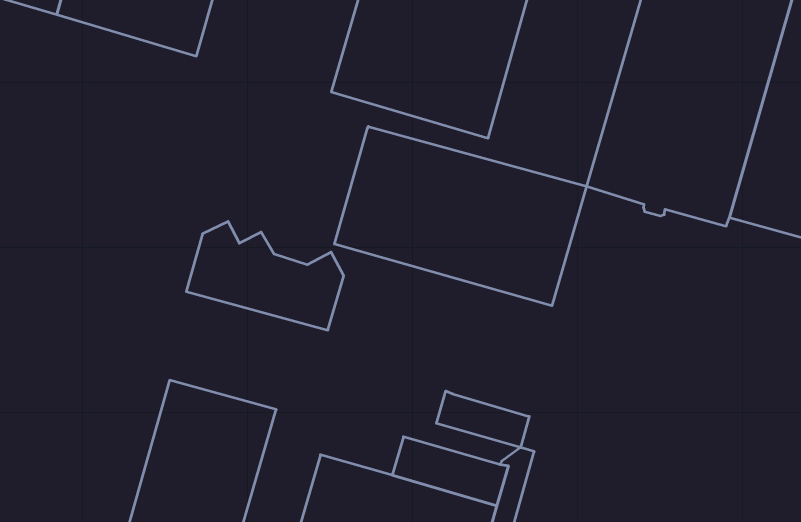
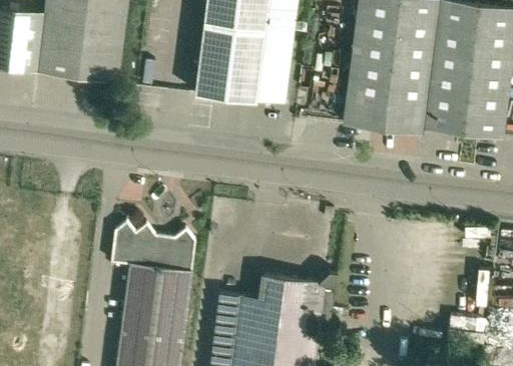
building: [334,126,587,306] -> none
building: [186,221,344,330] -> [110,222,195,273]
building: [436,391,529,448] -> none

